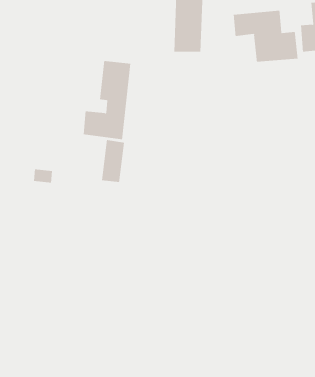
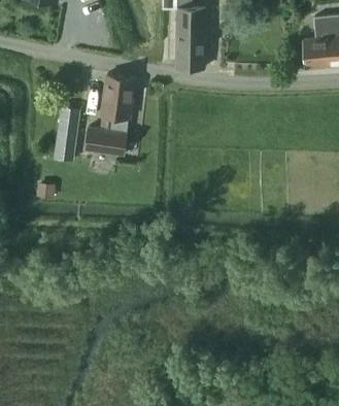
building: [233,10,298,63] -> none
building: [101,139,125,183] -> [54,116,77,160]

